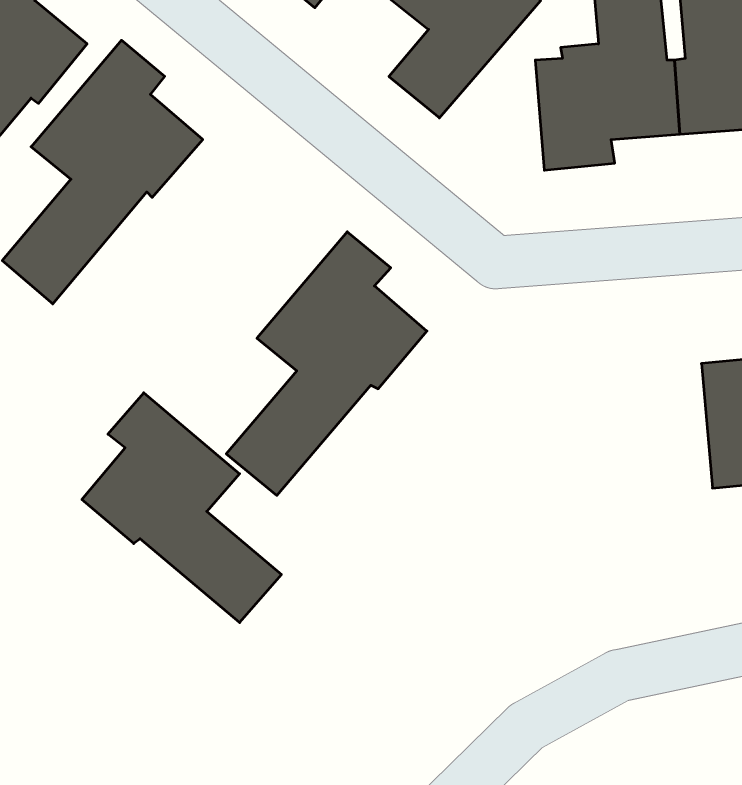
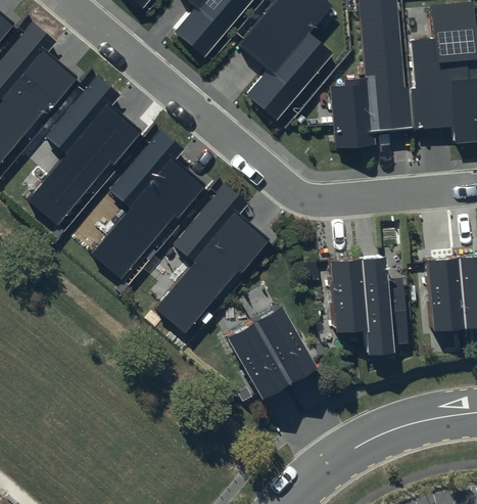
building: none -> [92,129,205,279]
building: none -> [328,256,410,352]
building: [82,393,281,623] -> none
building: none -> [224,303,315,399]

